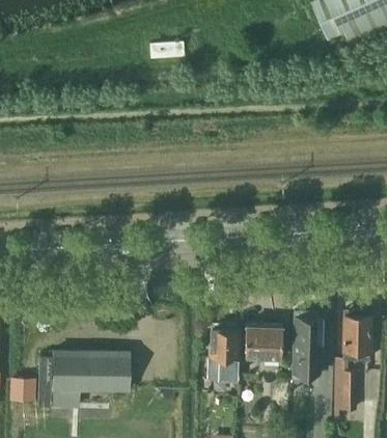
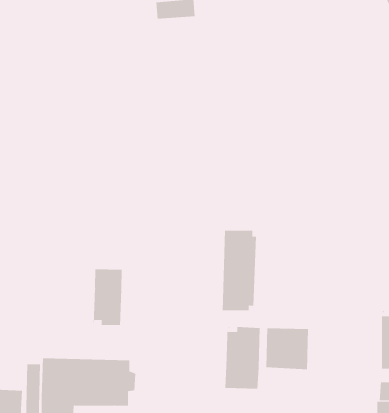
building: none -> [93,268,122,326]
building: [291,310,321,380] -> [222,230,257,311]

